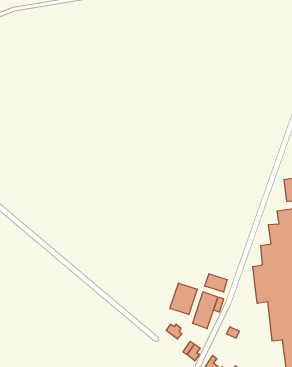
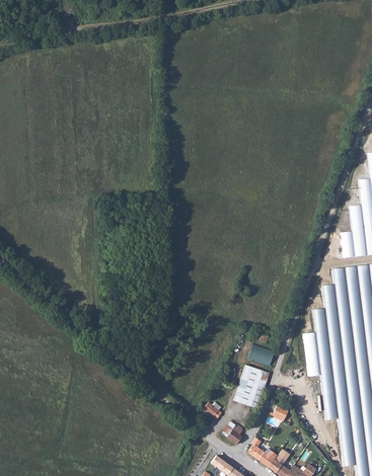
building: [170,283,197,315] -> none

